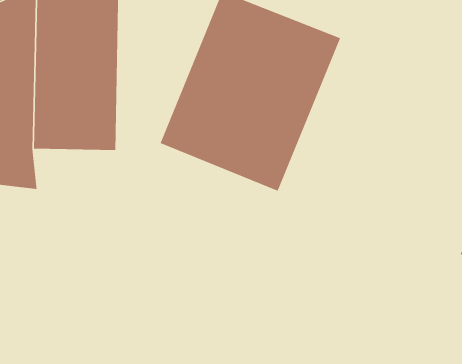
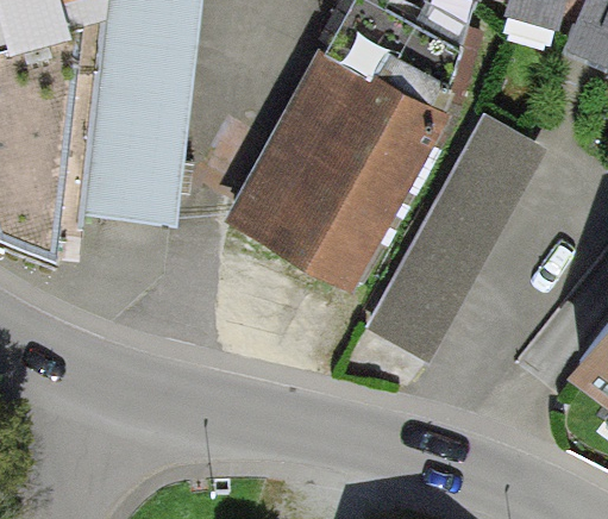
building: none -> [363,112,546,362]

